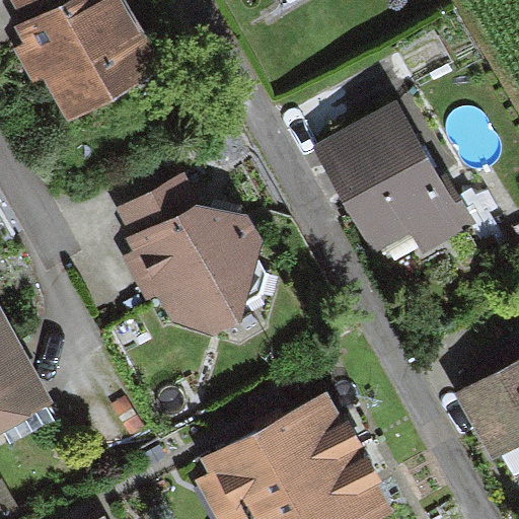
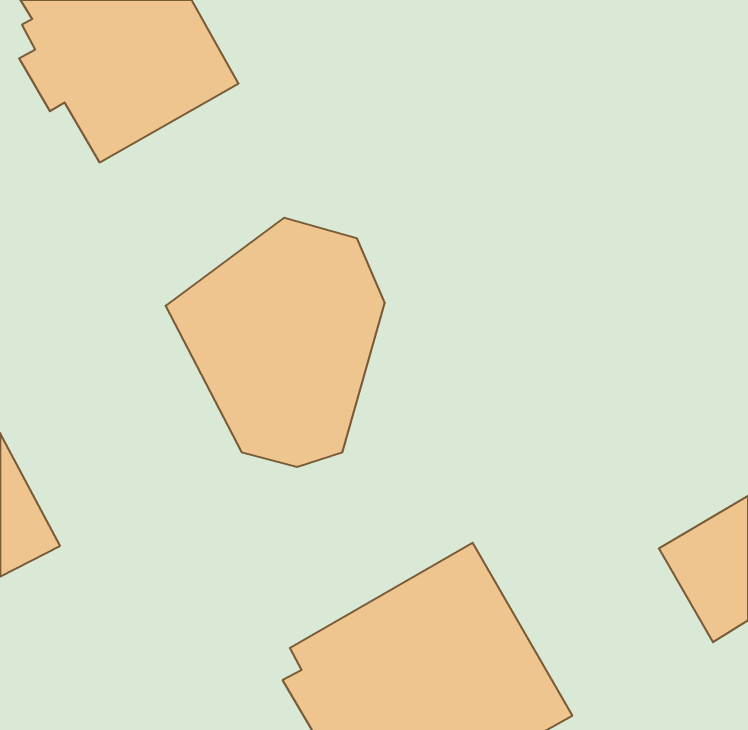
building: [312,98,477,260] -> none

